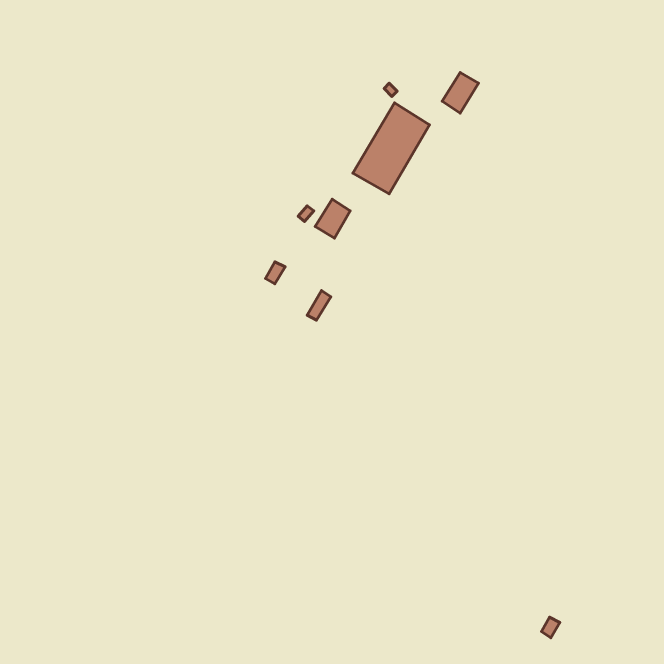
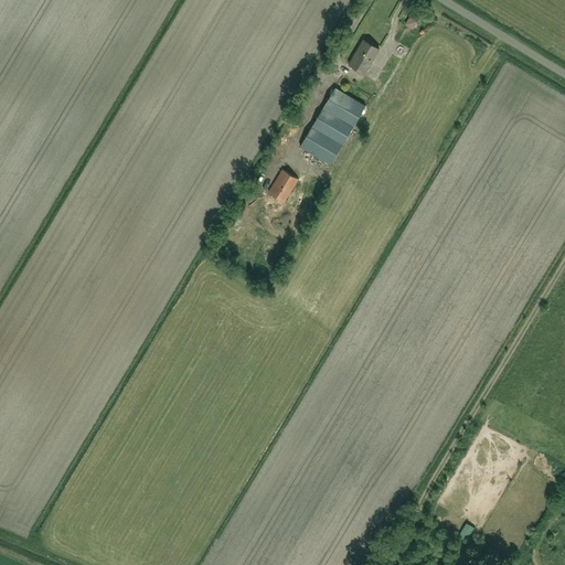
building: [442,73,478,113] -> [348,41,379,75]

